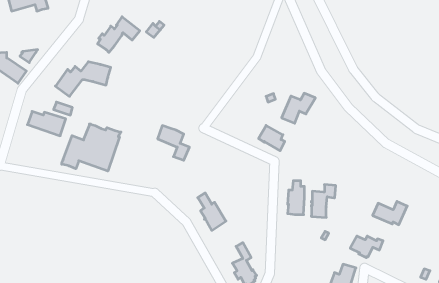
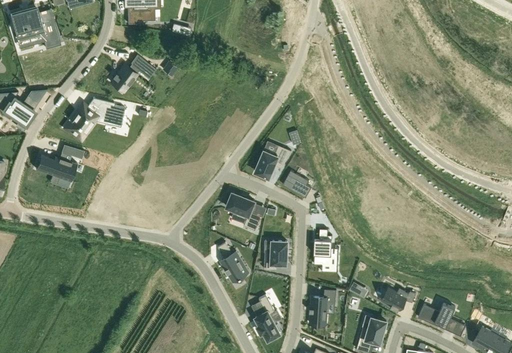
building: [282,93,315,123] -> [254,146,290,178]
building: [62,124,121,171] -> none
building: [158,126,189,160] -> [226,193,260,230]
building: [311,185,336,217] -> [309,289,335,324]
building: none -> [263,241,286,270]
building: [373,201,407,225] -> [417,302,454,327]

